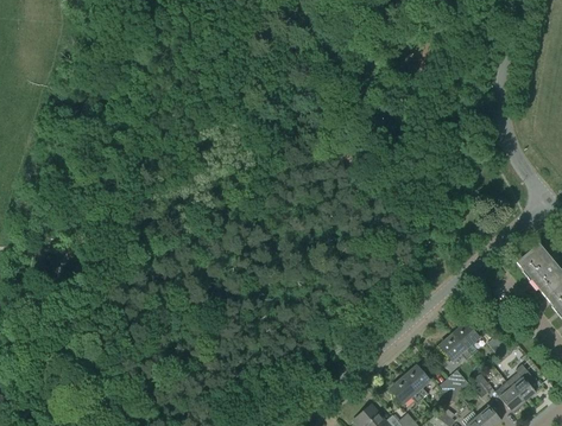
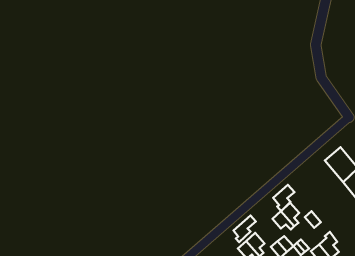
building: none -> [273,185,294,211]
building: none -> [233,216,256,242]

